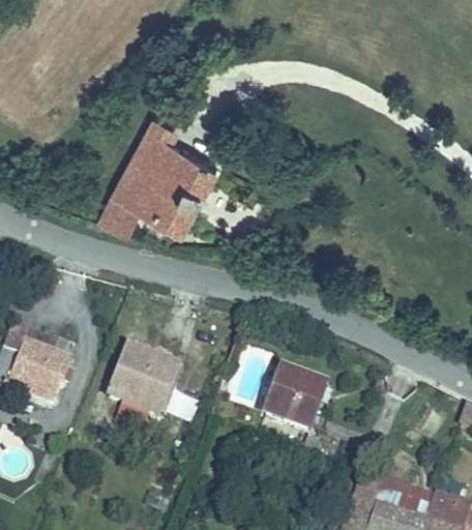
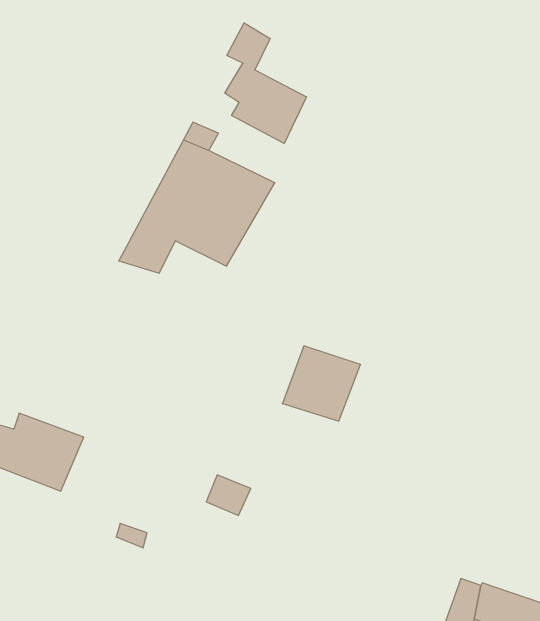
building: none -> [225,23,306,143]
building: [109,347,176,425] -> none
building: [266,369,326,426] -> [282,346,361,421]

